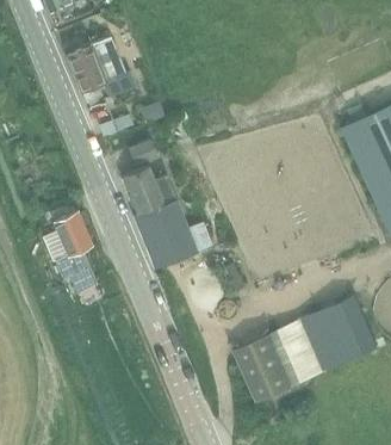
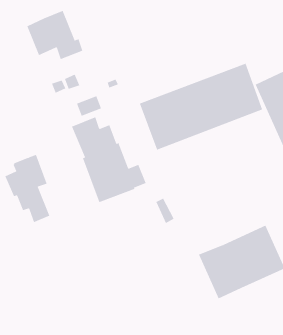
building: none -> [139,63,263,151]
building: [234,335,292,403] -> none

